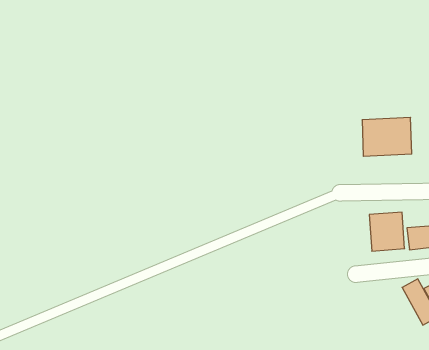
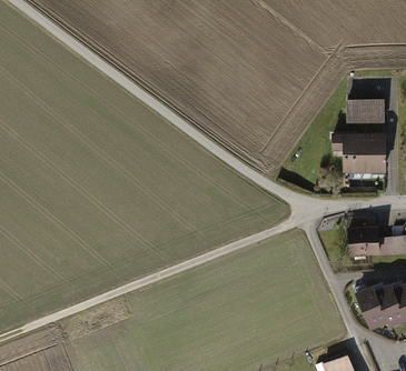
building: none -> [344,99,384,126]
building: none -> [354,283,388,325]

